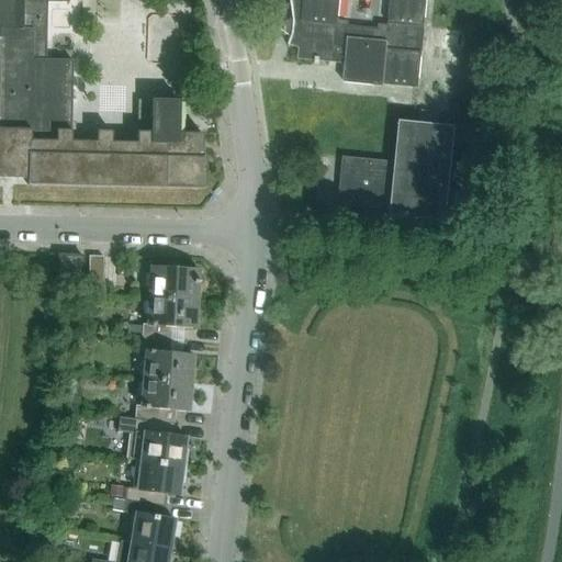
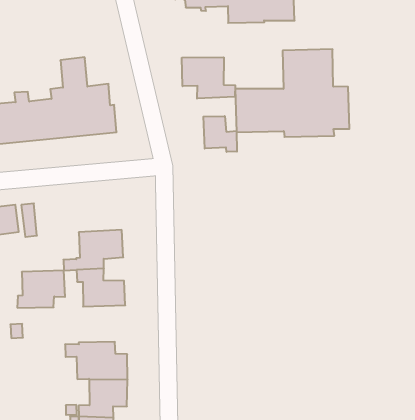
building: none -> [182,57,235,99]
building: none -> [203,116,237,152]
building: [148,265,198,296] -> none
building: [133,376,190,420] -> [17,271,65,308]

